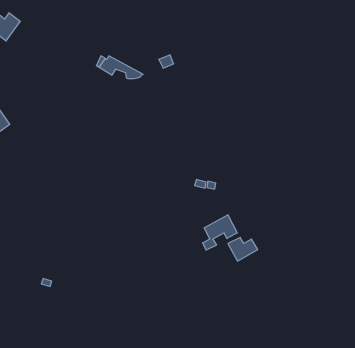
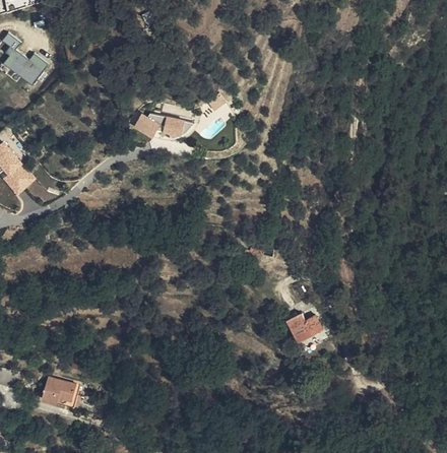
building: [203,215,237,250] -> none
building: none -> [43,378,77,406]

